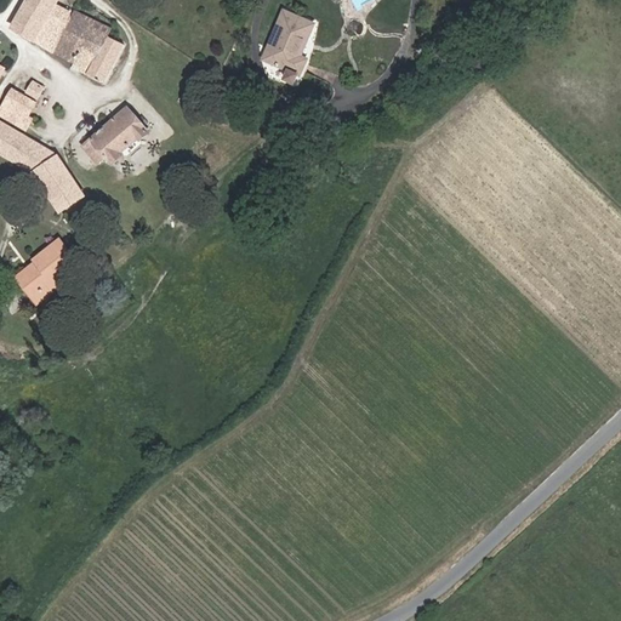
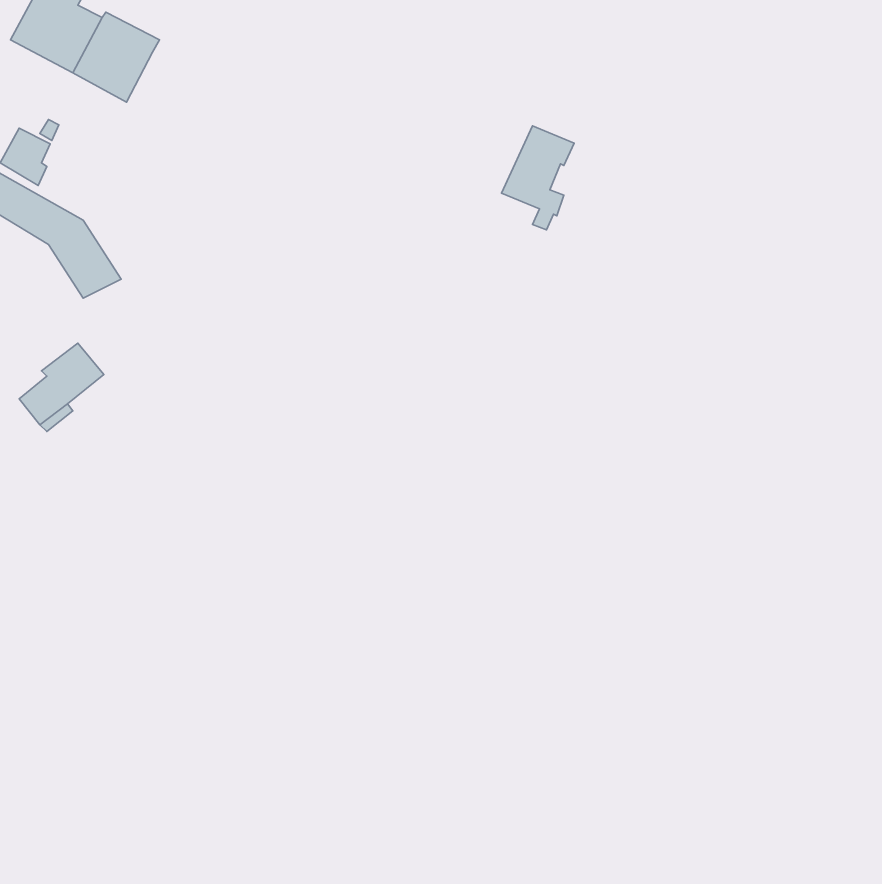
building: [262,8,313,81] -> [501,126,574,230]
building: [86,36,124,84] -> none
building: [81,108,147,164] -> none

